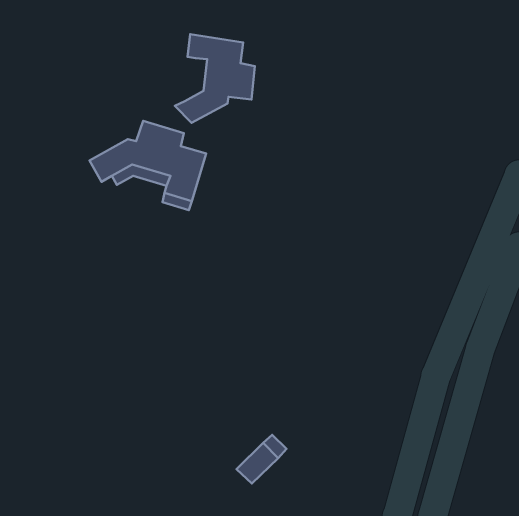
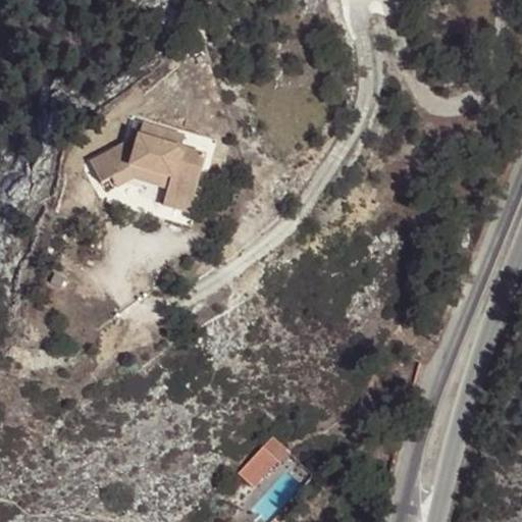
building: [175,34,255,123] -> none

